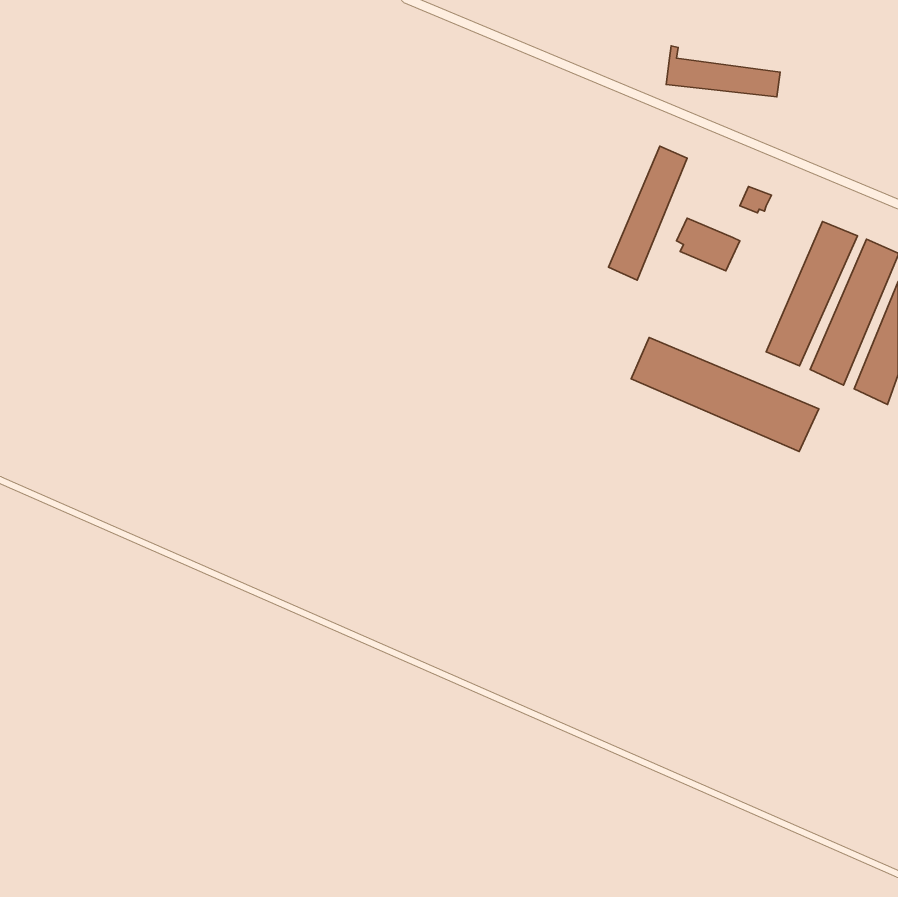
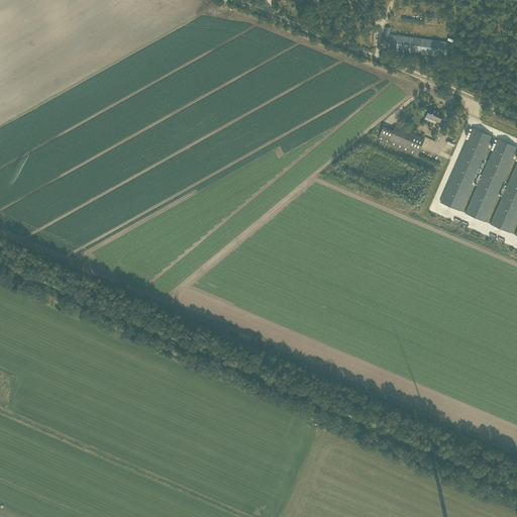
building: [609,146,687,280] -> none
building: [631,338,819,451] -> none

